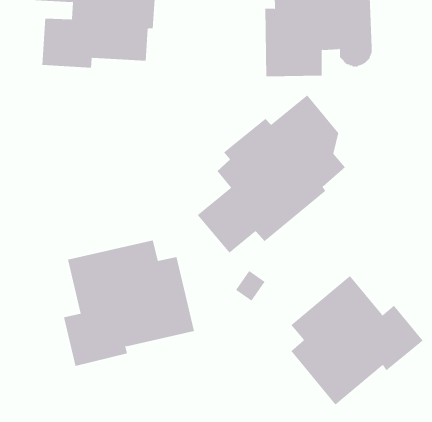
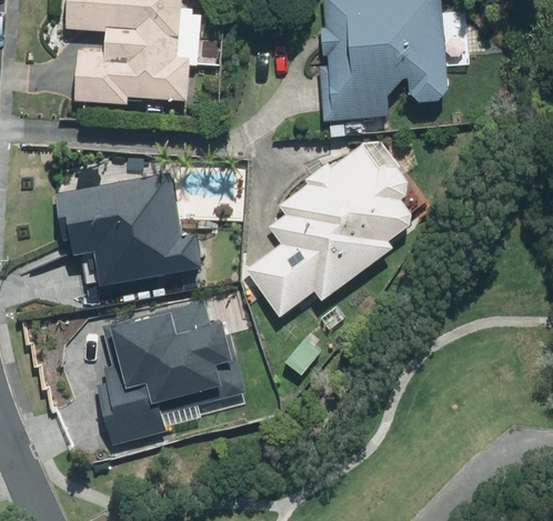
building: none -> [50,174,205,283]
building: [290,275,424,405] -> none

